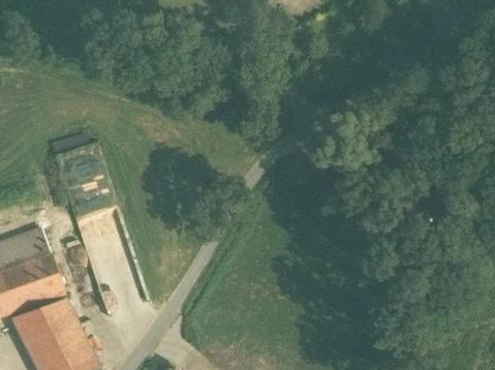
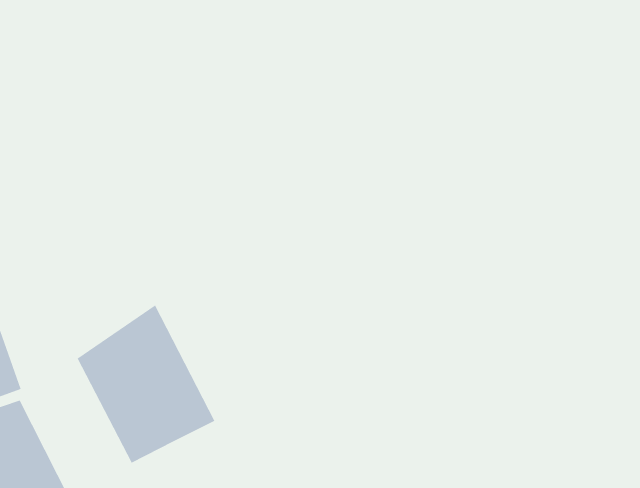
building: none -> [77,304,215,463]

